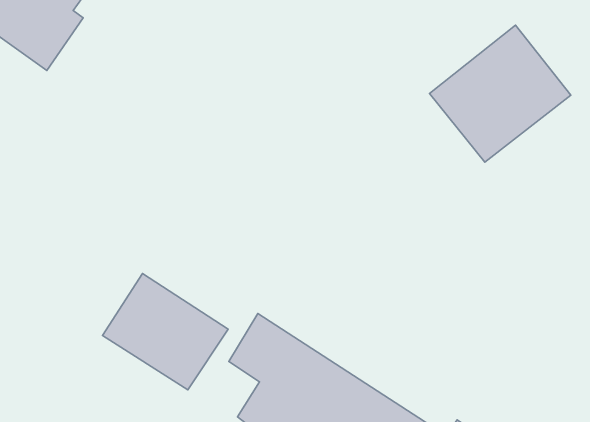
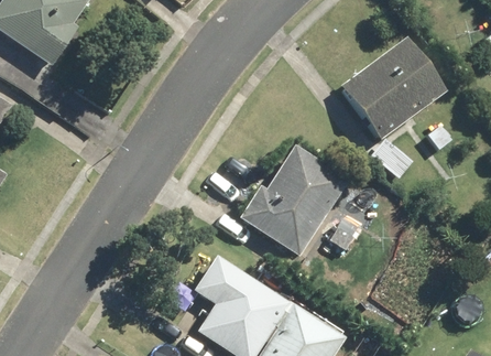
building: none -> [239,145,346,253]
building: [102,273,228,390] -> none

